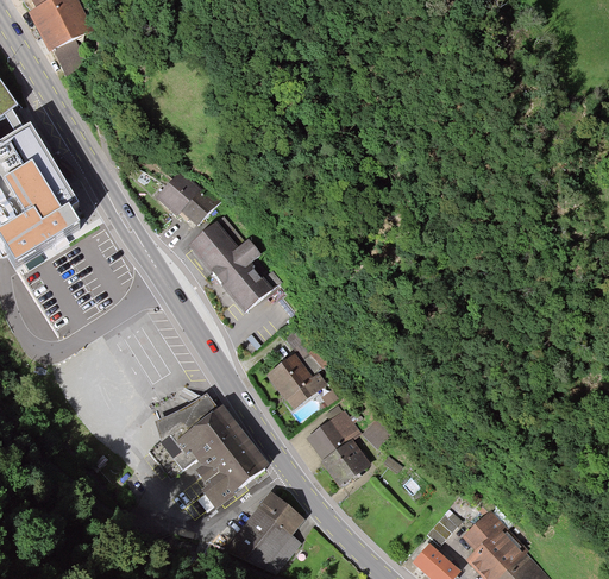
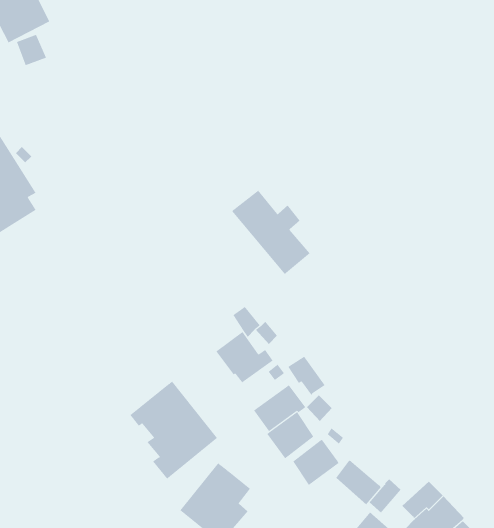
building: [156,171,220,226] -> none
building: [188,222,271,311] -> [231,190,311,275]
building: none -> [288,356,326,396]
building: [155,394,218,445] -> none
building: none -> [292,439,339,486]
building: none -> [335,460,382,505]

